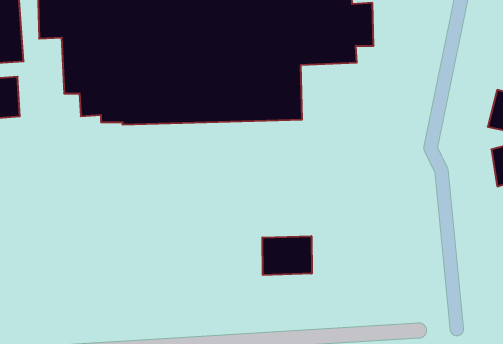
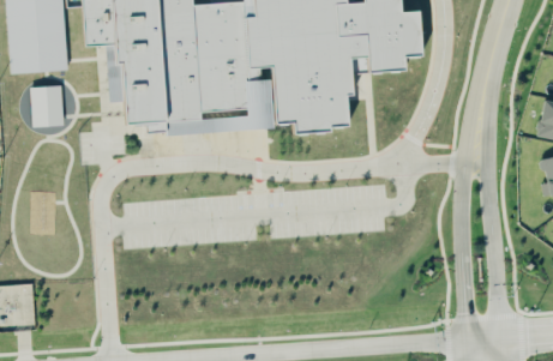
building: [262,236,312,275] -> none

